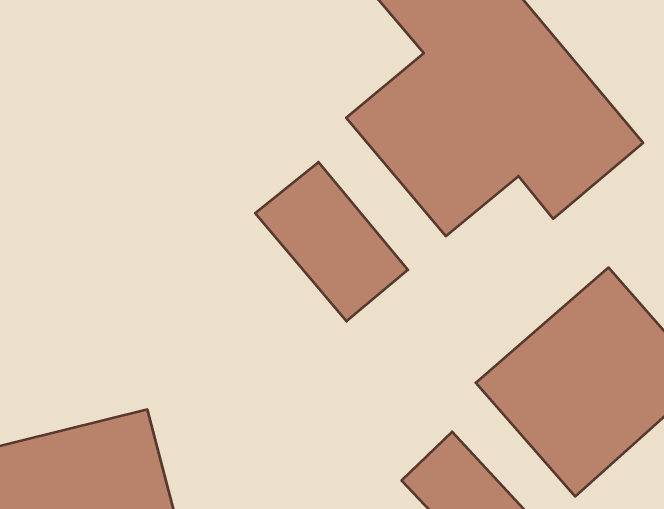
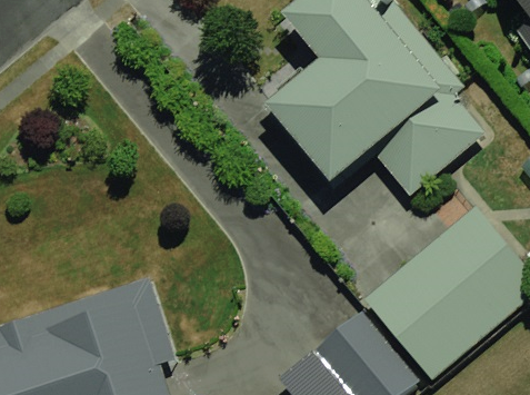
building: [255,162,408,321] -> none

